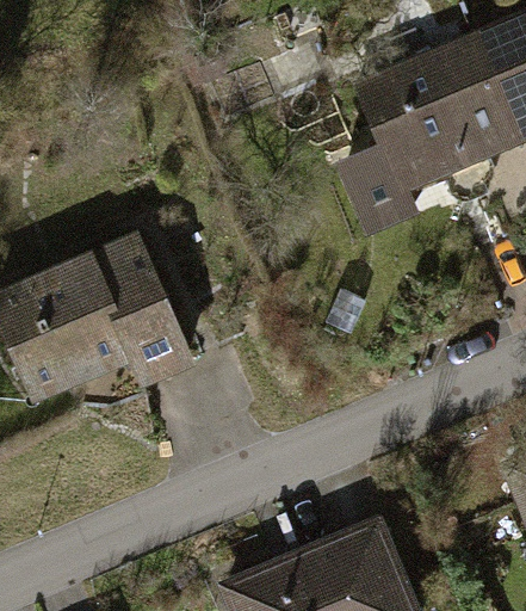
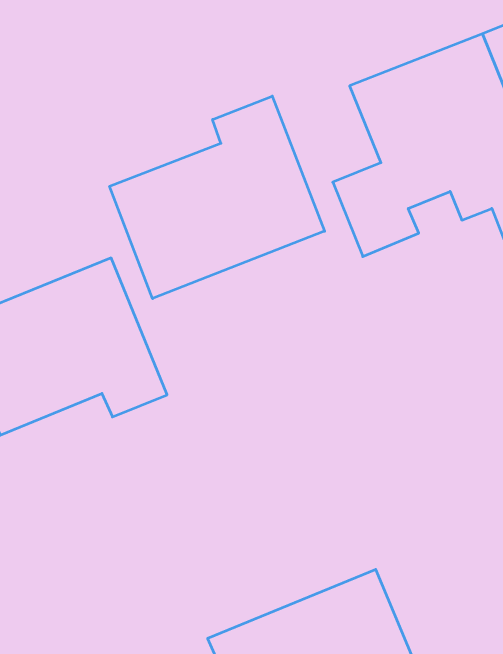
building: none -> [110,96,325,299]

